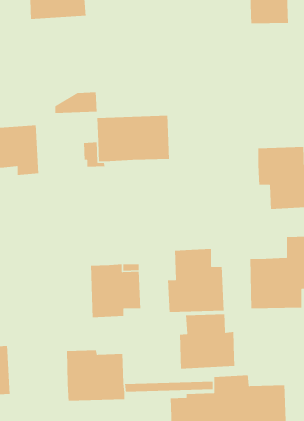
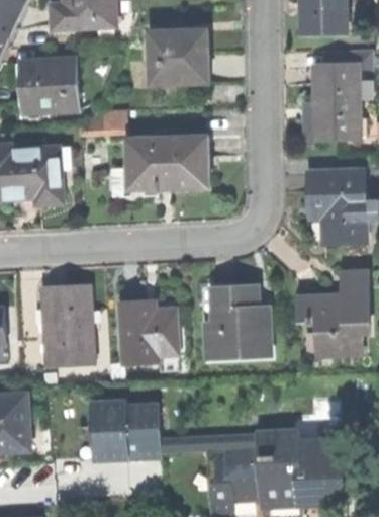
building: none -> [150,29,207,82]
building: none -> [23,58,81,110]
building: none -> [313,67,357,138]
building: none -> [43,290,91,365]
building: [179,313,235,370] -> none

